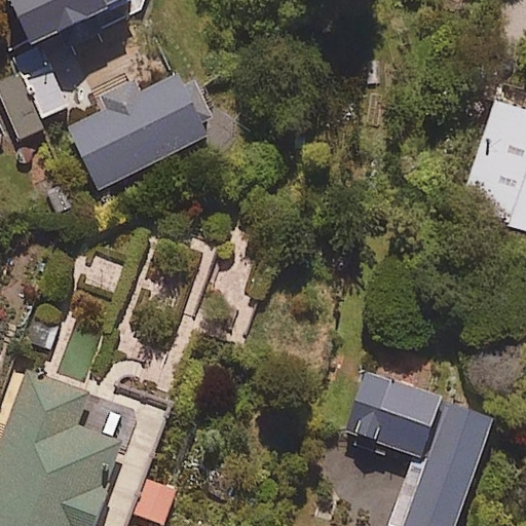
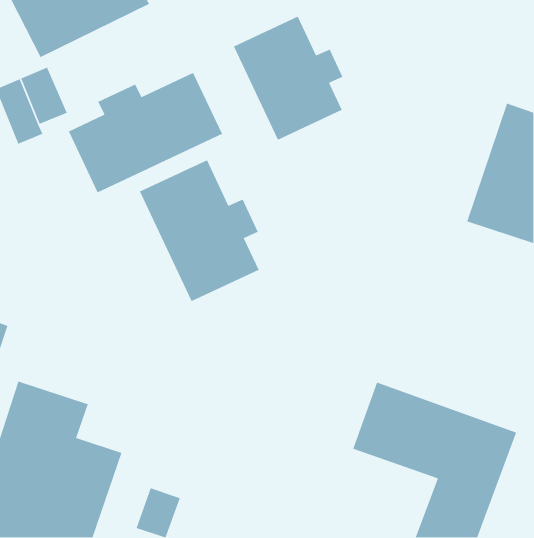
building: none -> [233,16,344,141]
building: none -> [139,159,260,302]

